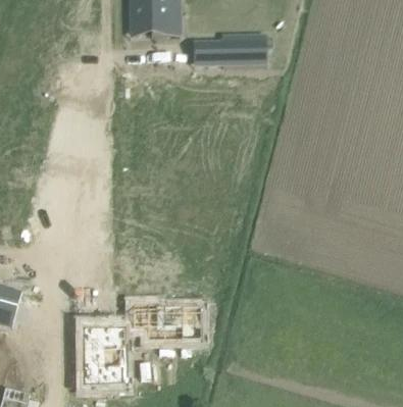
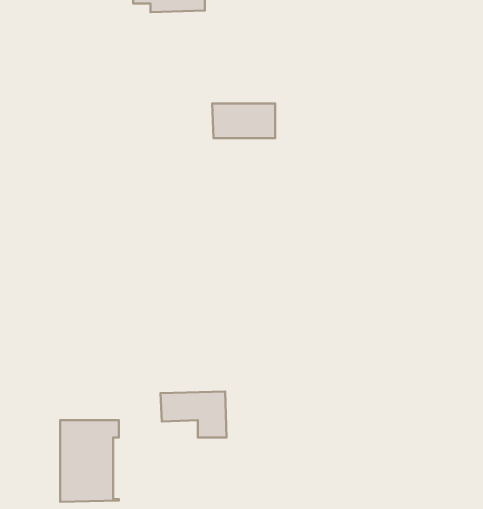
building: [208,40,253,64] -> [212,104,275,138]

